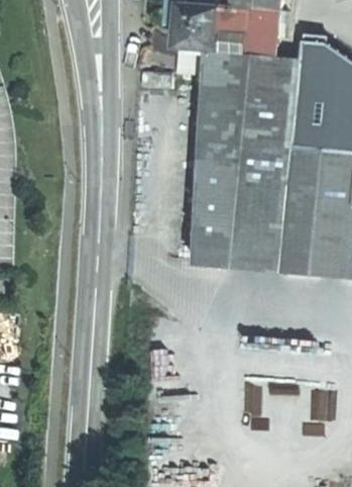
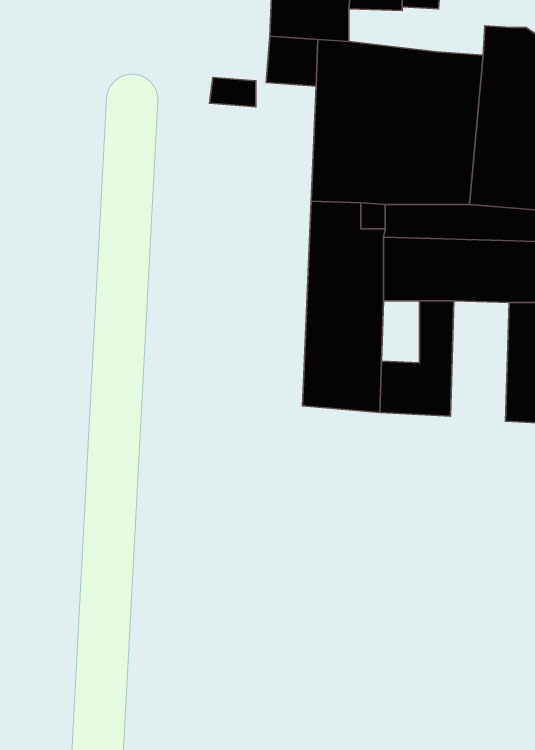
building: [222,31,274,58] -> none
building: [241,204,263,240] -> none
building: [281,204,316,275] -> none

